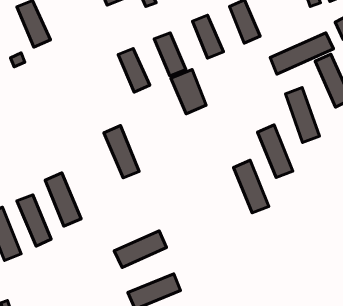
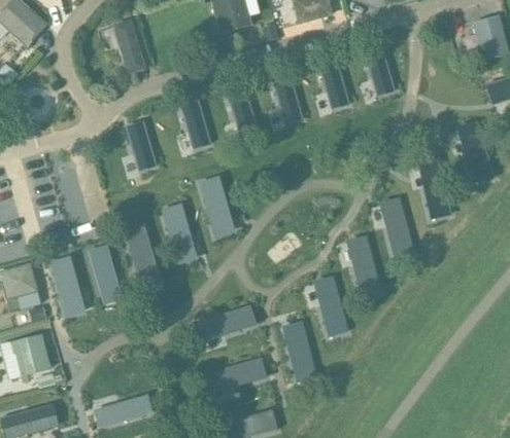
building: [270,33,333,74] -> none
building: none -> [179,99,211,149]
building: [171,69,206,114] -> none
building: none -> [125,120,157,171]
building: none -> [161,204,198,265]
building: none -> [313,276,348,337]
building: none -> [281,320,317,382]

